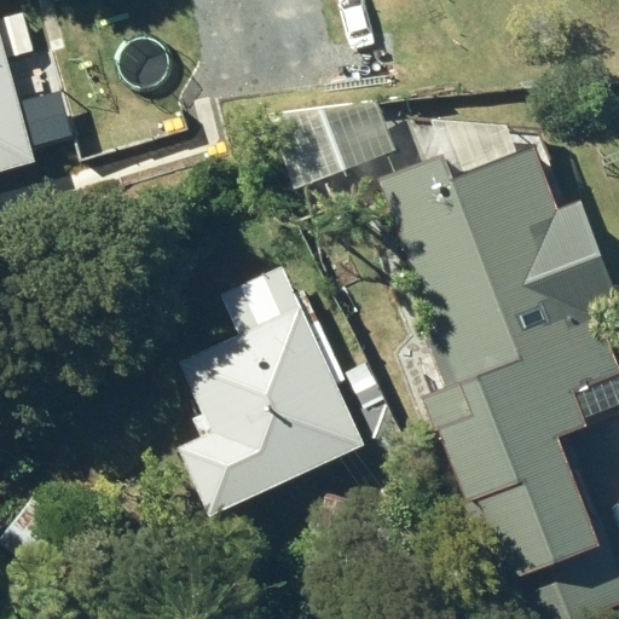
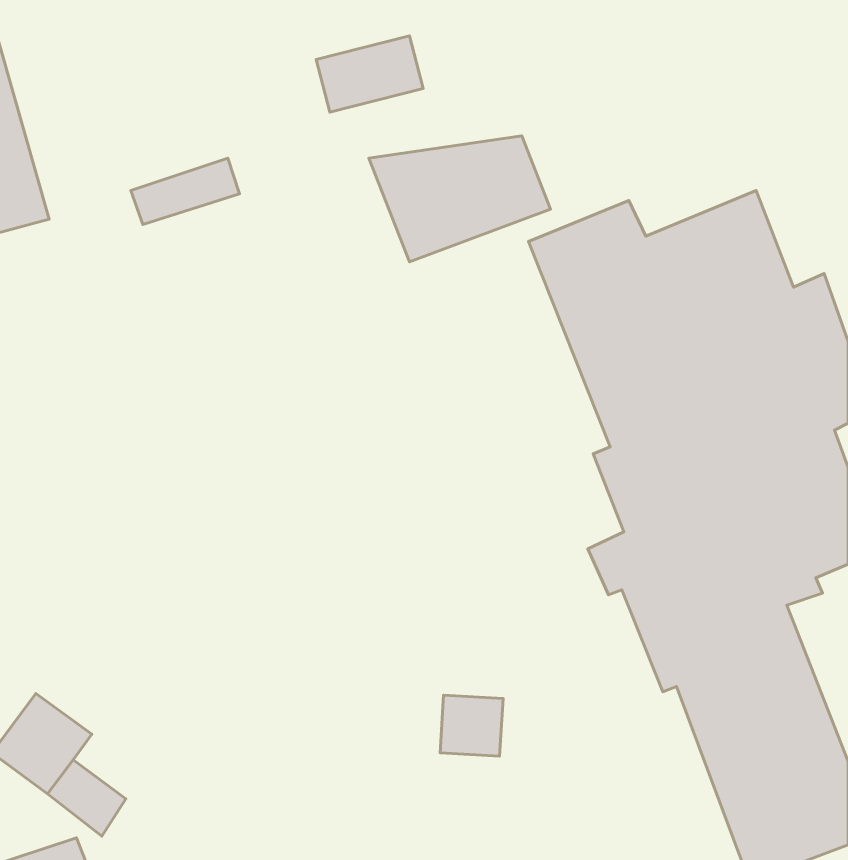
building: [183,264,364,514] -> none

